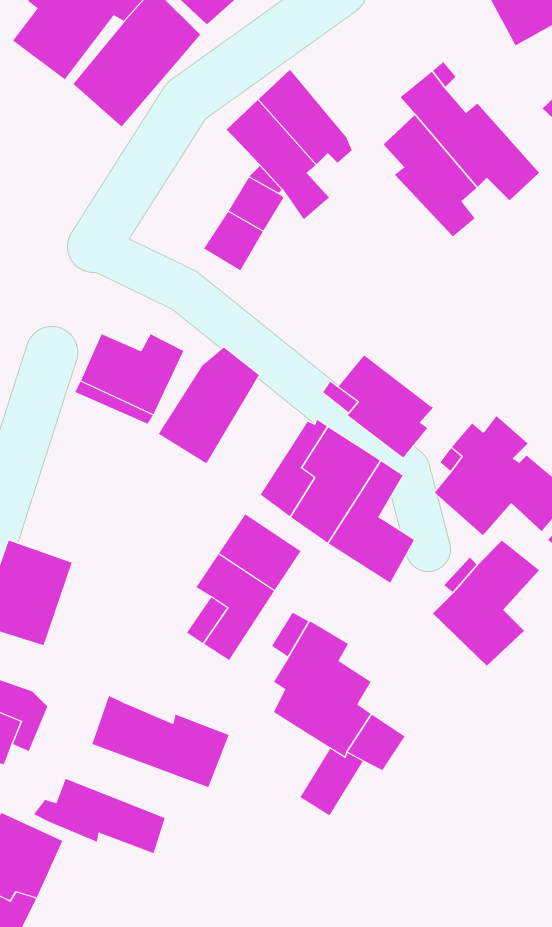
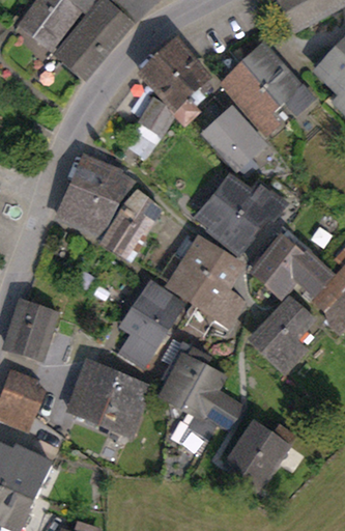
building: none -> [208,110,263,175]
building: none -> [73,159,132,196]
building: none -> [217,178,285,225]
building: none -> [227,422,293,485]
building: [33,778,165,854] -> [77,364,149,406]

